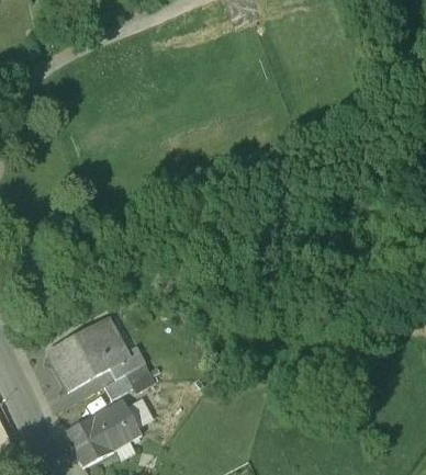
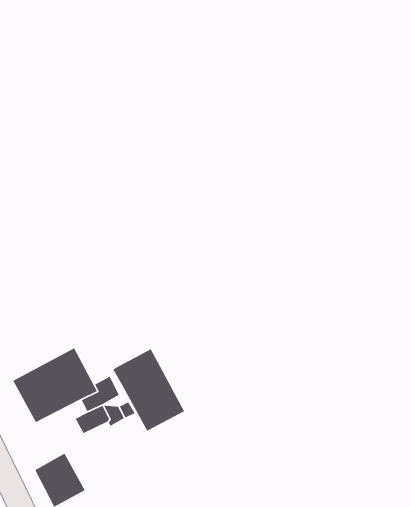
building: none -> [112,348,185,432]
building: [96,400,142,449] -> none

